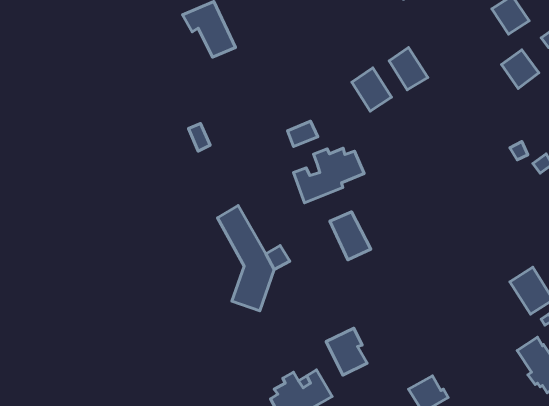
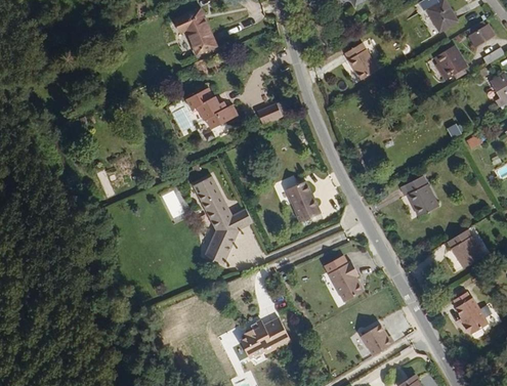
building: [352,68,392,111] -> none
building: none -> [182,87,237,129]
building: [293,148,364,203] -> none
building: none -> [393,177,435,221]
building: [326,328,367,375] -> [323,257,357,297]

